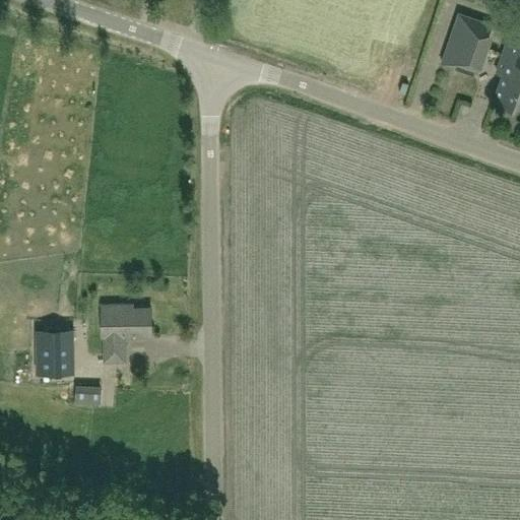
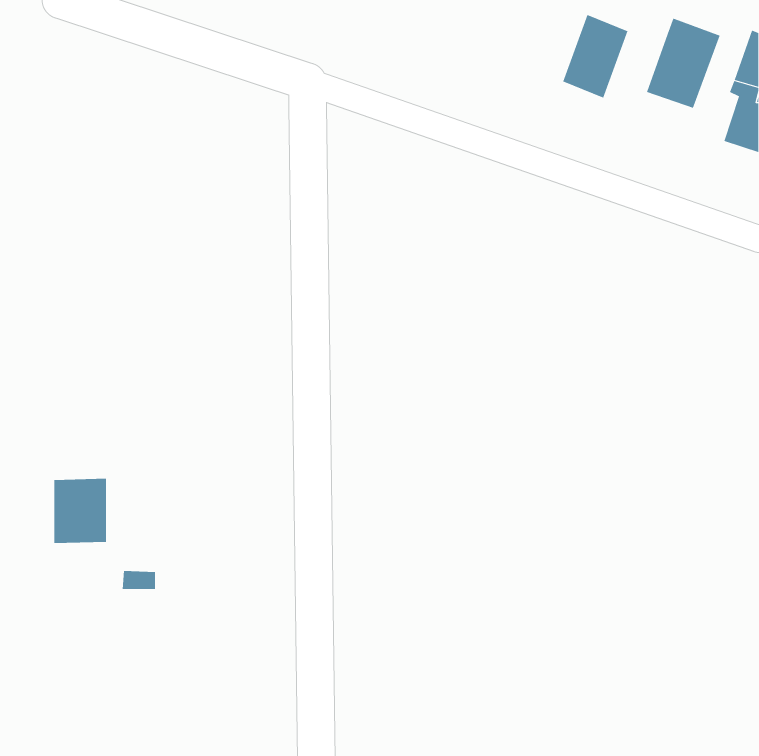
building: none -> [563,14,628,98]
building: [102,305,151,362] -> none

